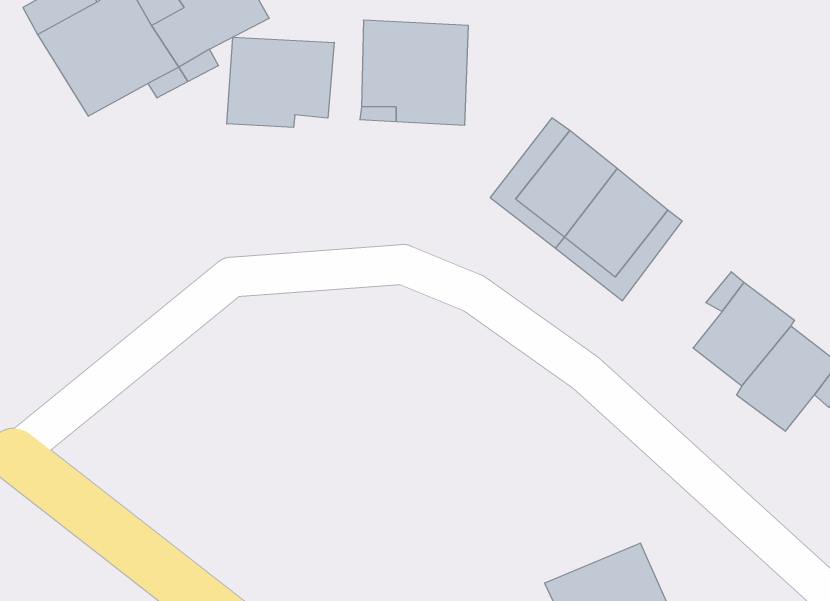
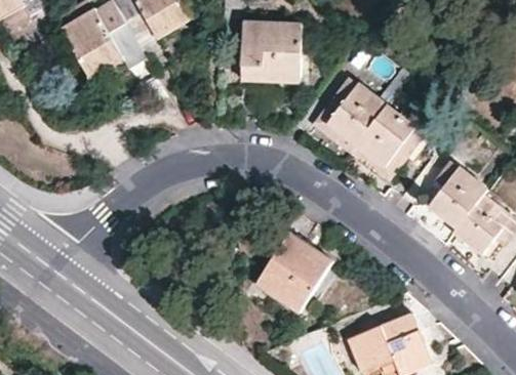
building: [227,37,334,127] -> none
building: none -> [252,232,330,311]

